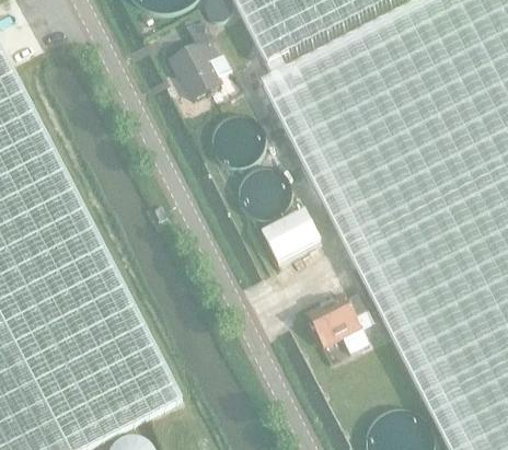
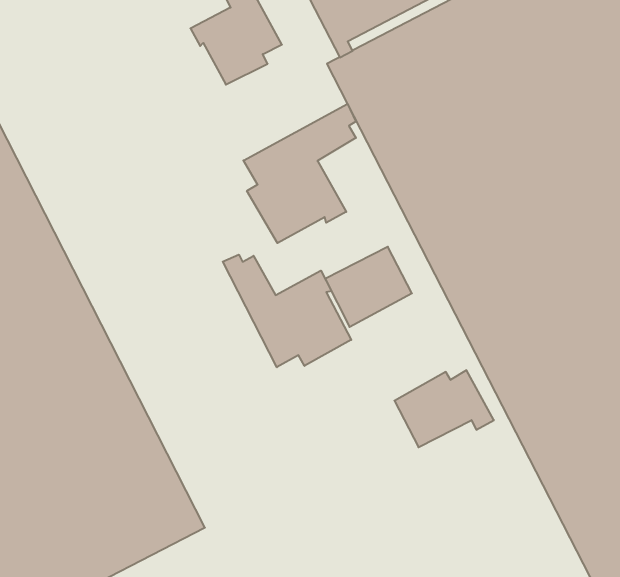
building: none -> [243,104,356,243]
building: none -> [223,255,351,367]

